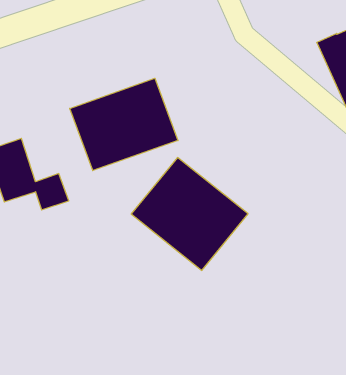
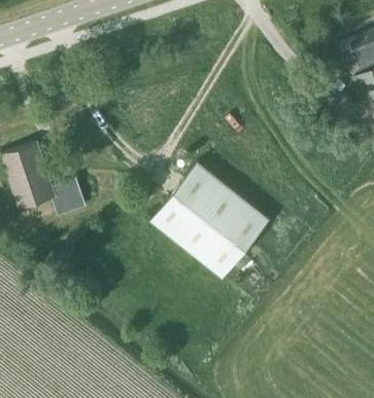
building: [70,78,178,171] -> none

